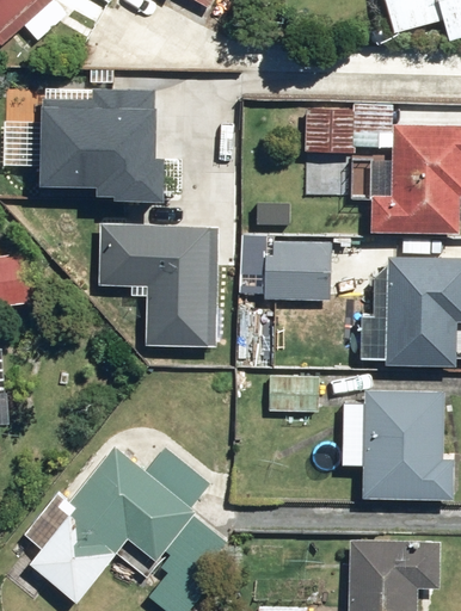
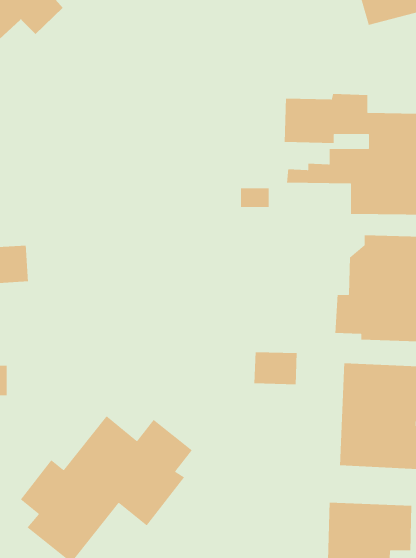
building: [30,100,149,208] -> none
building: [78,224,207,357] -> none
building: [266,239,332,301] -> none

